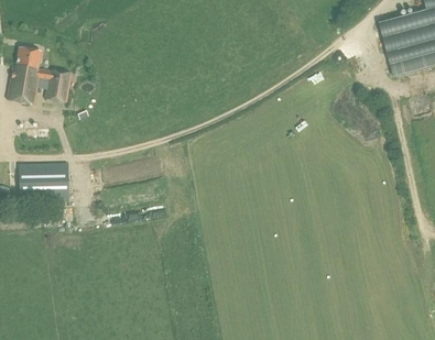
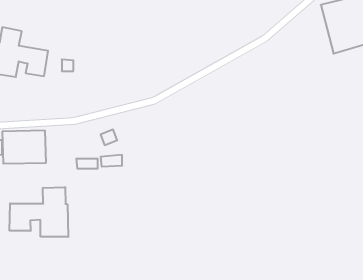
building: none -> [10,187,68,237]

